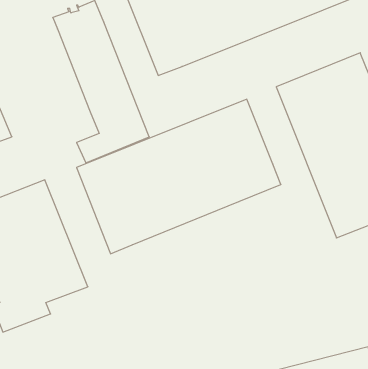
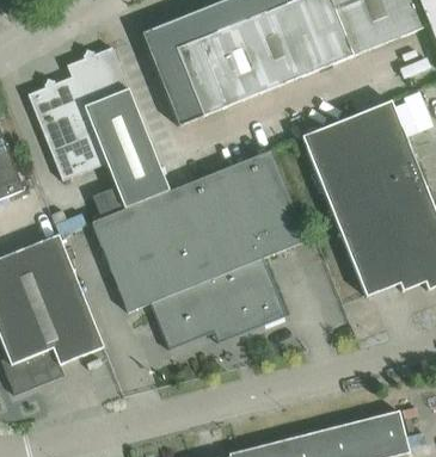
building: none -> [27,76,106,180]
building: none -> [151,258,285,350]

